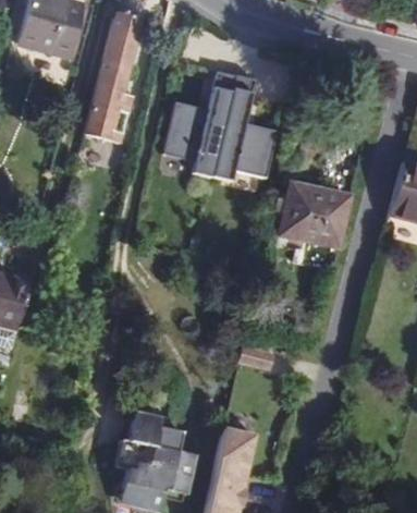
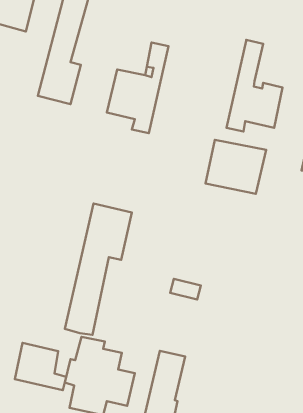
building: [212,73,278,180] -> [227,40,283,131]
building: none -> [65,204,132,335]
building: none -> [15,343,66,390]

